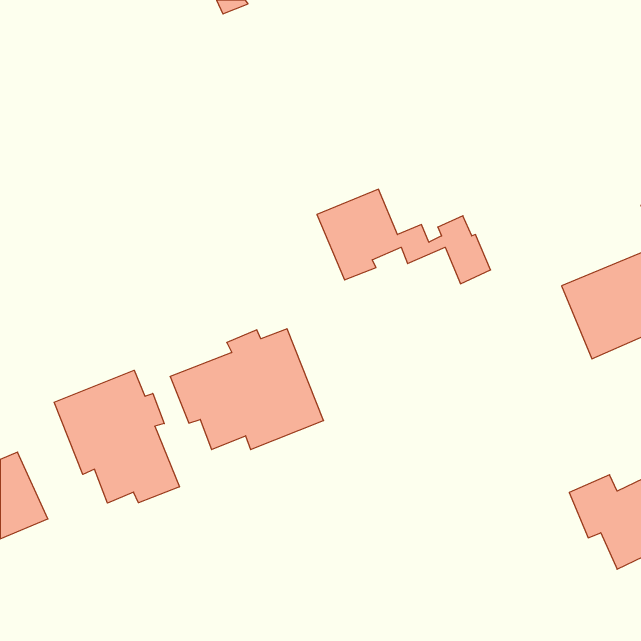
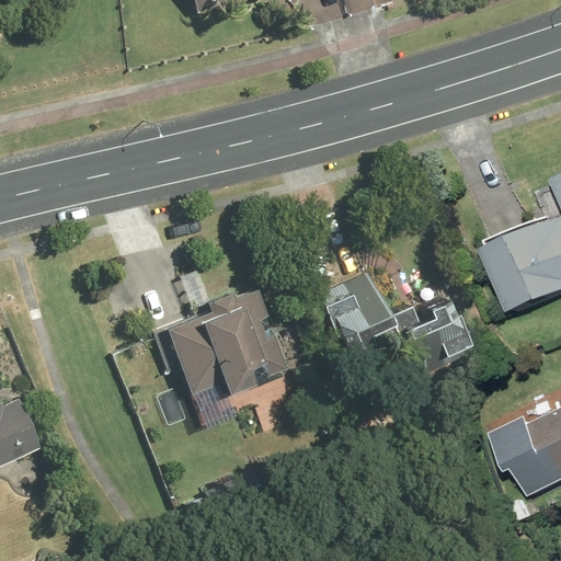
building: [317,189,491,284] -> [312,272,463,354]
building: [54,370,179,503] -> none

